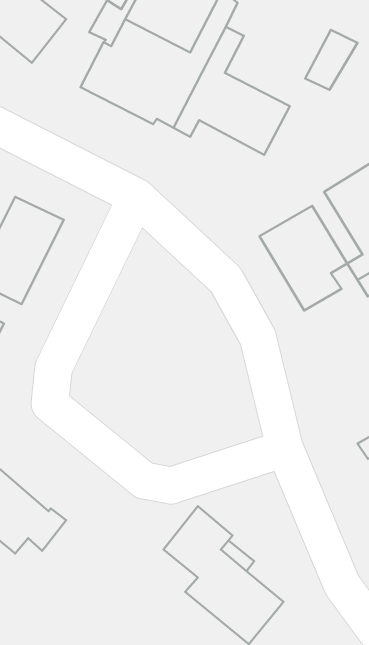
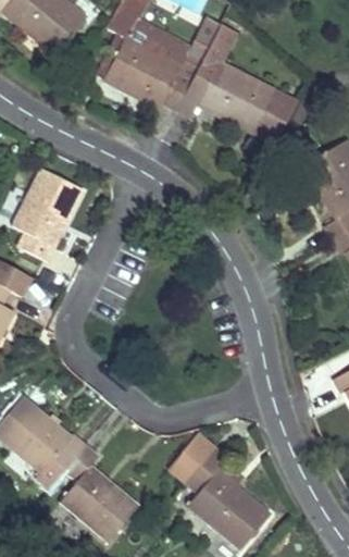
building: [305,30,358,90] -> [253,91,298,143]
building: [260,206,347,311] -> none
building: none -> [60,444,138,541]

